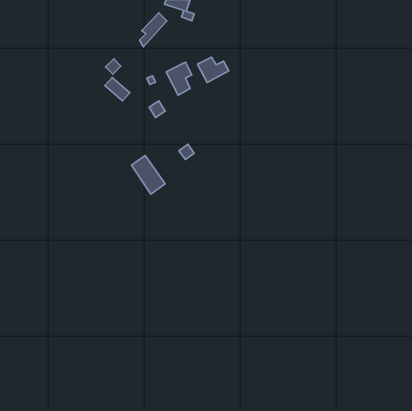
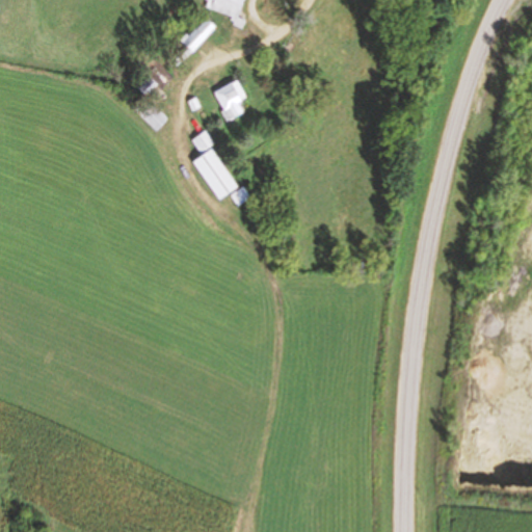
building: [198,57,229,83] -> none
building: [131,156,165,194] -> [192,149,236,198]

